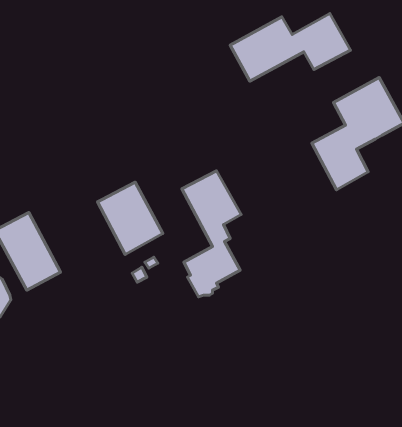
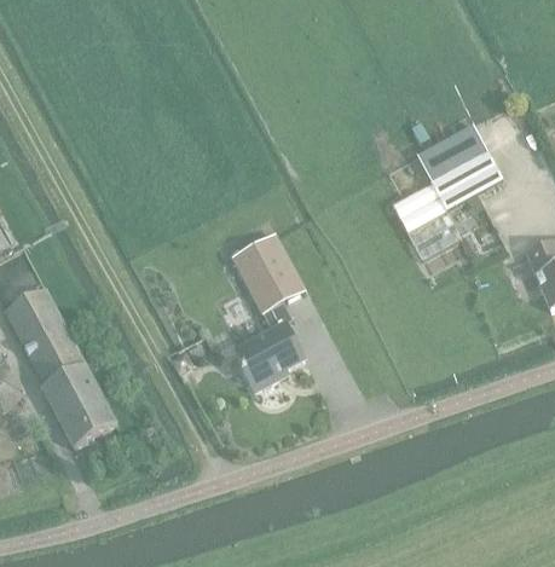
building: [230,14,350,81] -> none
building: [97,182,163,254] -> [37,360,117,449]

